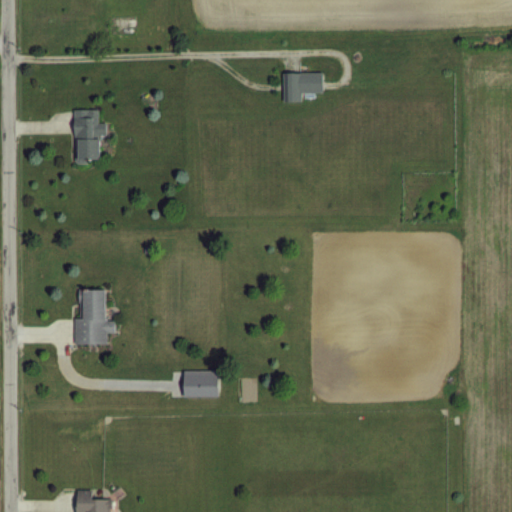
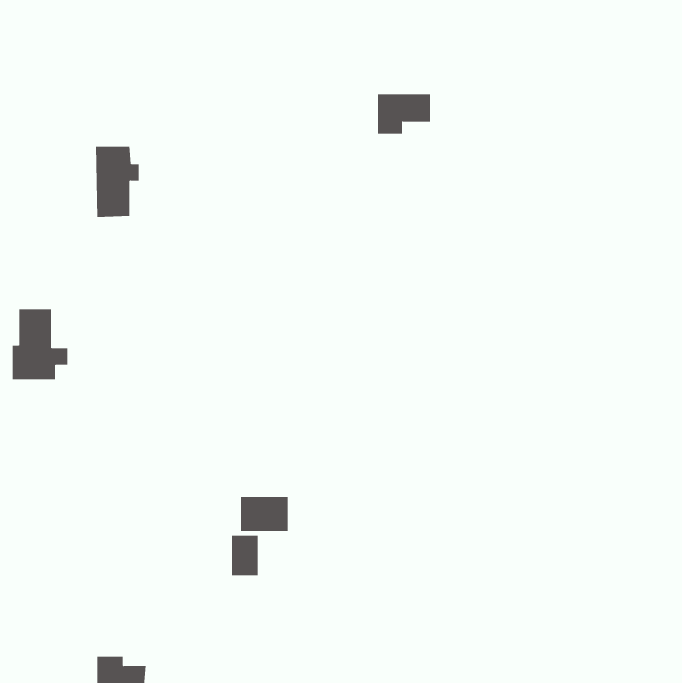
building: [75,291,117,344] -> [12,309,68,380]
building: none -> [232,535,258,576]

